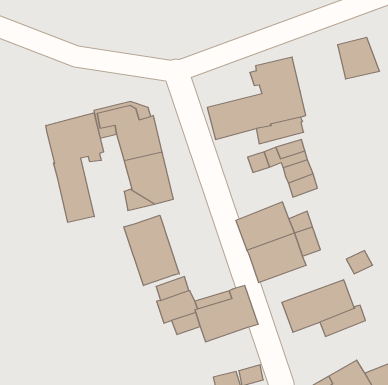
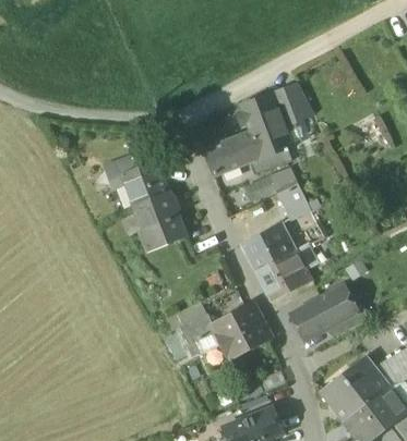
building: [338,37,380,79] -> [273,85,313,124]
building: [46,113,104,222] -> none
building: [124,215,179,286] -> none

